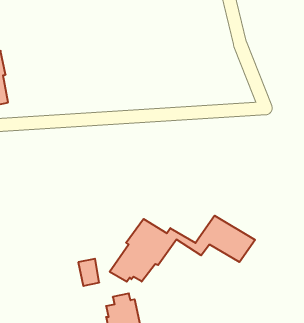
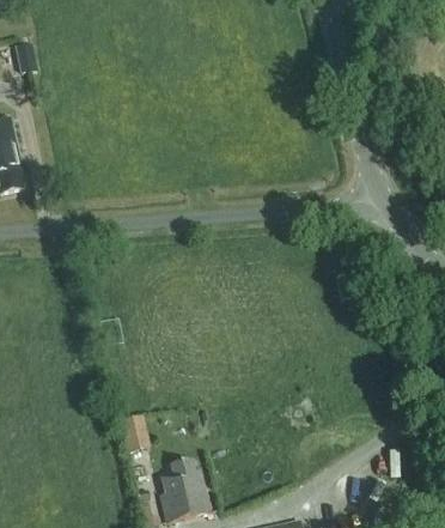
building: [110,216,255,282] -> none

